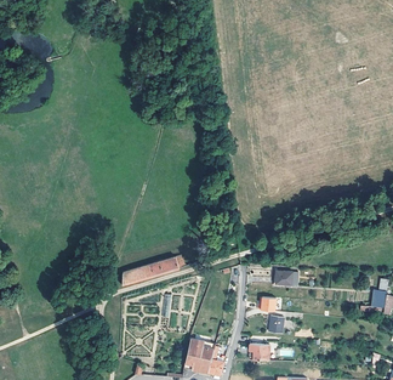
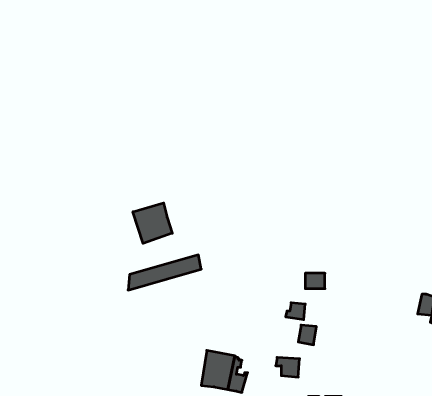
building: none -> [133,203,172,243]

